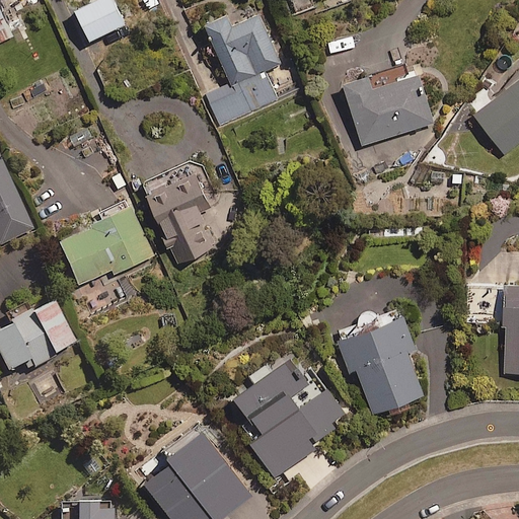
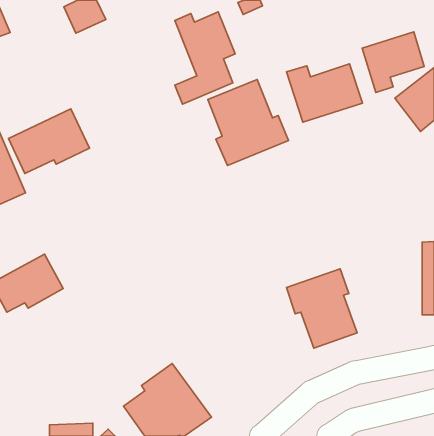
building: none -> [362,32,424,93]
building: none -> [208,79,289,166]
building: [145,161,214,264] -> none
building: [58,208,154,285] -> [8,109,89,174]
building: [231,350,350,476] -> none

